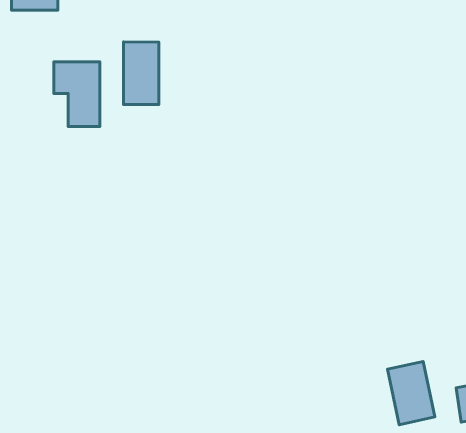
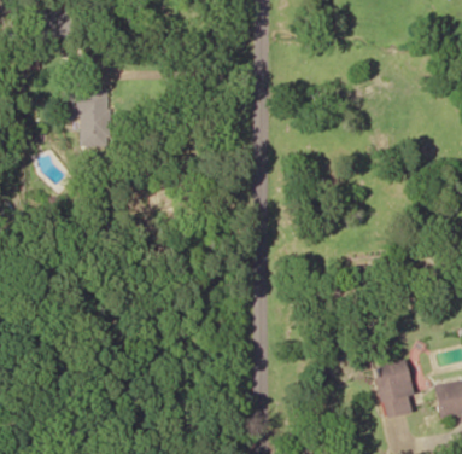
building: [124,42,159,105] -> none

